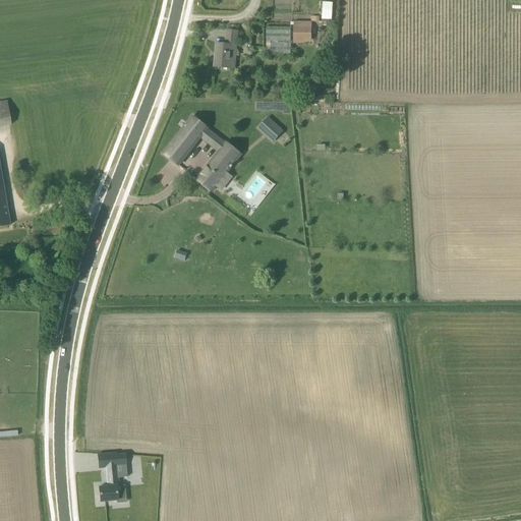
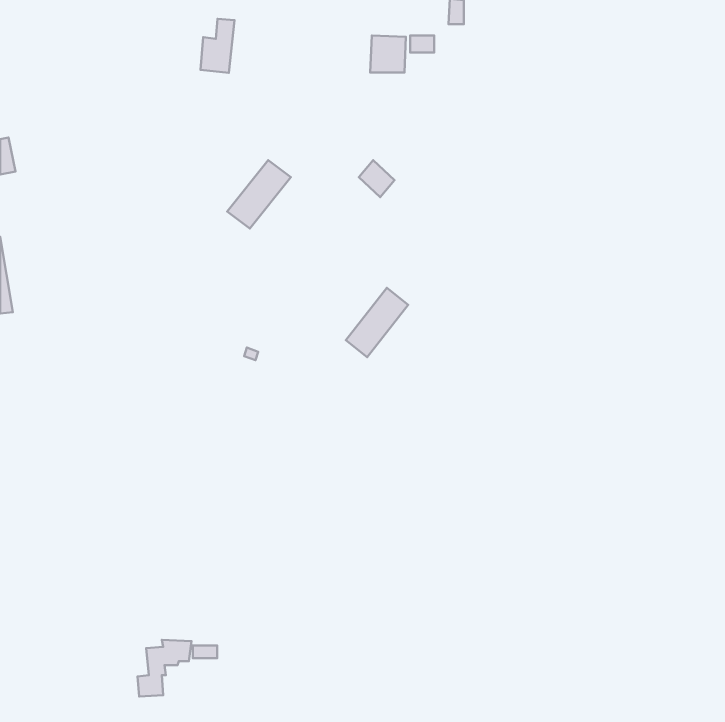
building: [214,28,238,67] -> [200,19,234,73]
building: [196,140,241,190] -> [346,288,408,357]

